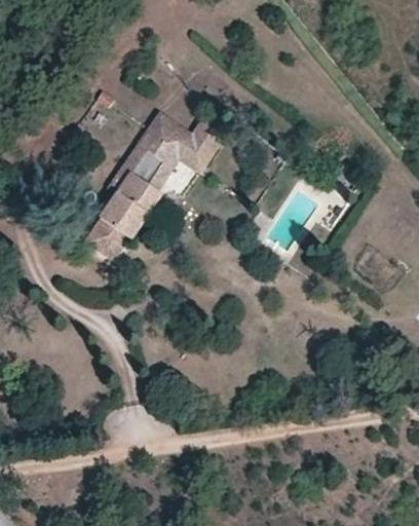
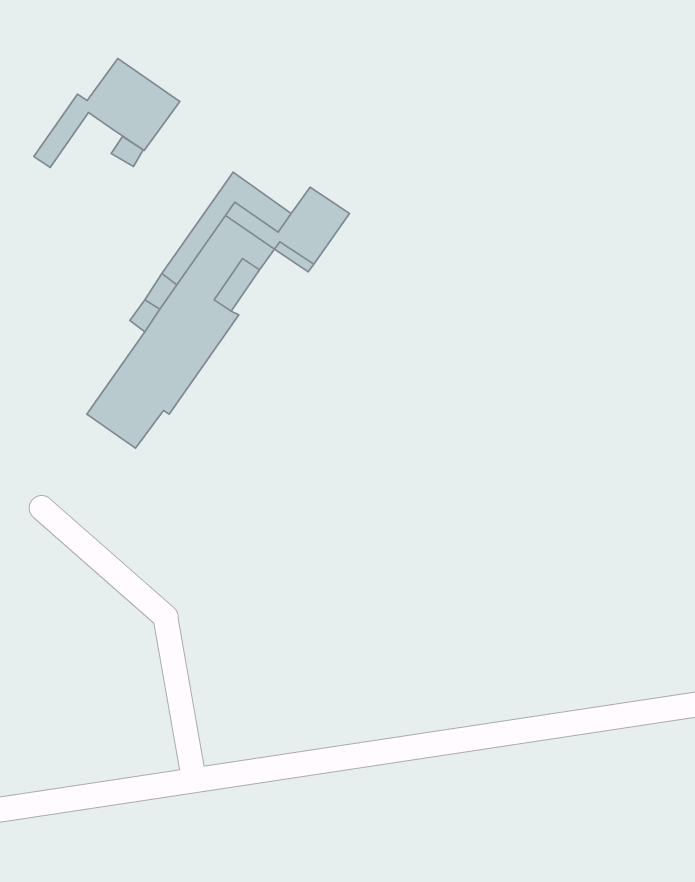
building: none -> [34,58,180,168]

